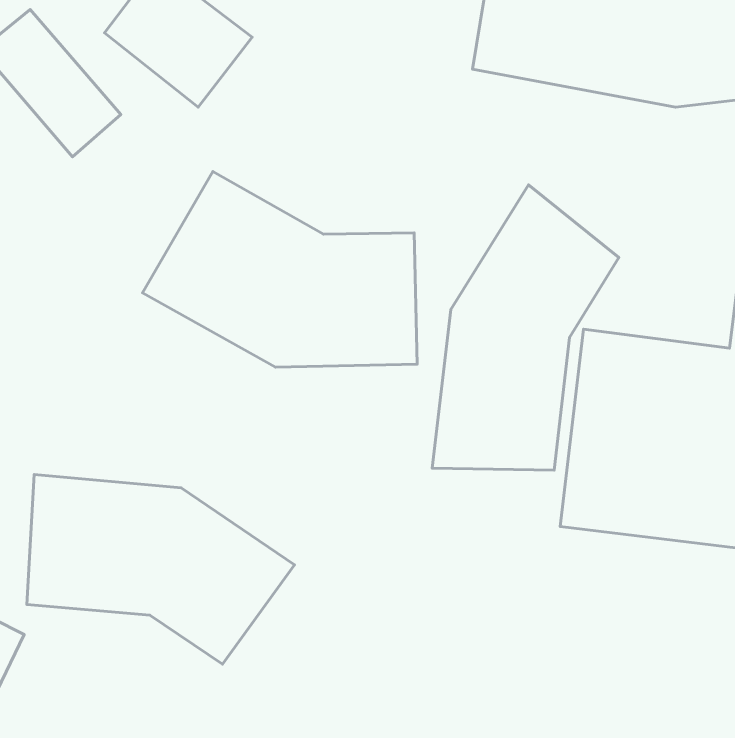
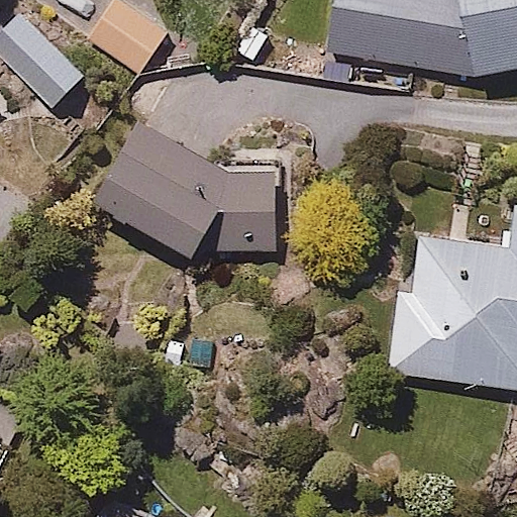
building: [432,185,619,470] -> none
building: [27,475,294,664] -> none

